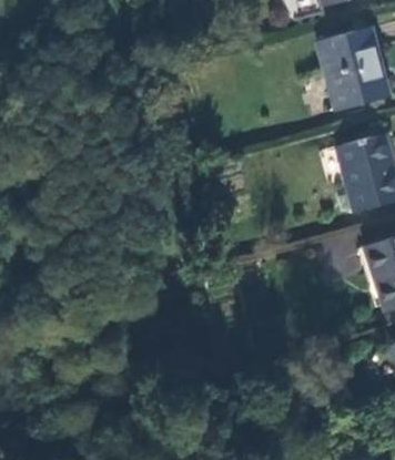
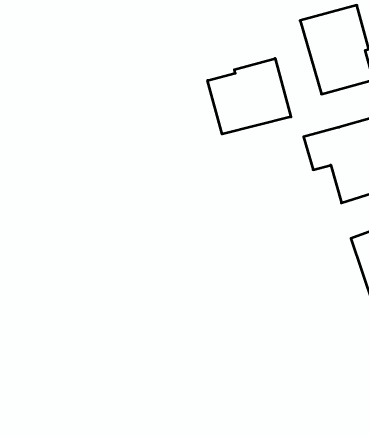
building: none -> [208,58,291,134]

